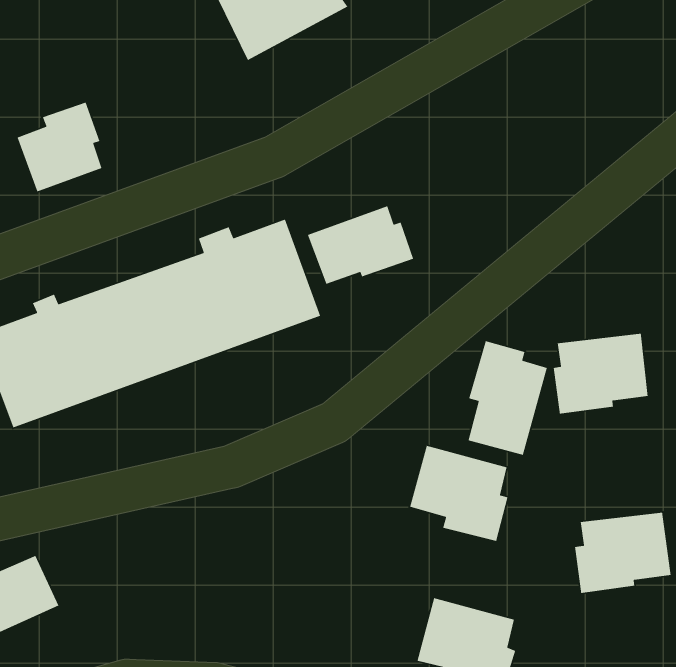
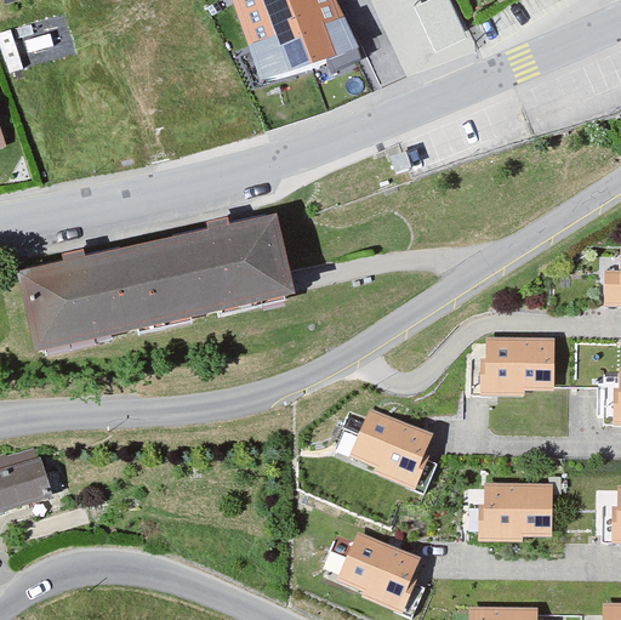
building: [17,102,102,192] -> none
building: [307,205,414,285] -> none
building: [468,340,548,456] -> none

